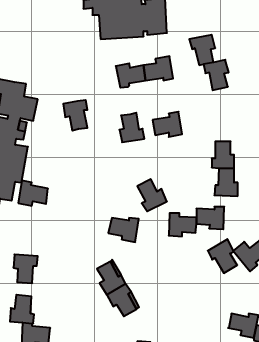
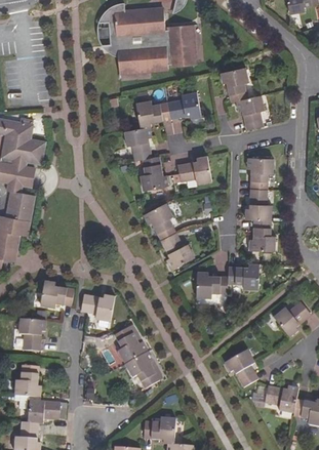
building: [63,100,87,131] -> [124,126,152,161]
building: none -> [246,157,273,189]
building: none -> [143,202,175,240]
building: [18,181,48,206] -> [40,279,74,308]
building: [108,218,139,242] -> [80,293,115,321]
building: [208,239,237,273] -> [225,349,258,387]

